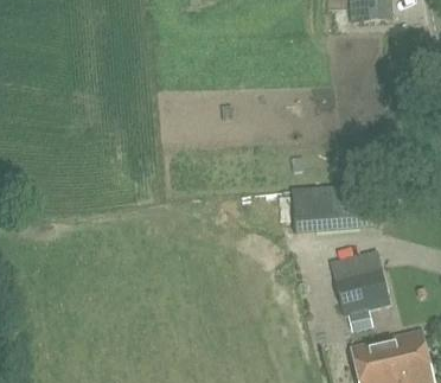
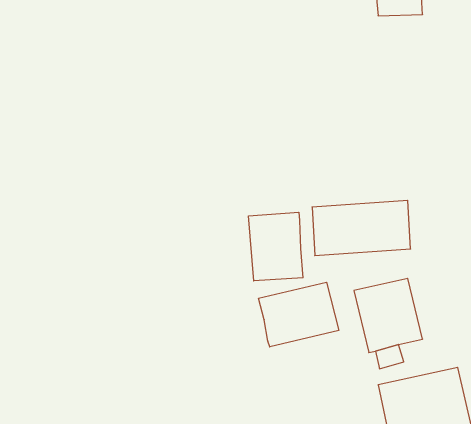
building: none -> [249,212,303,281]
building: none -> [259,282,339,347]

